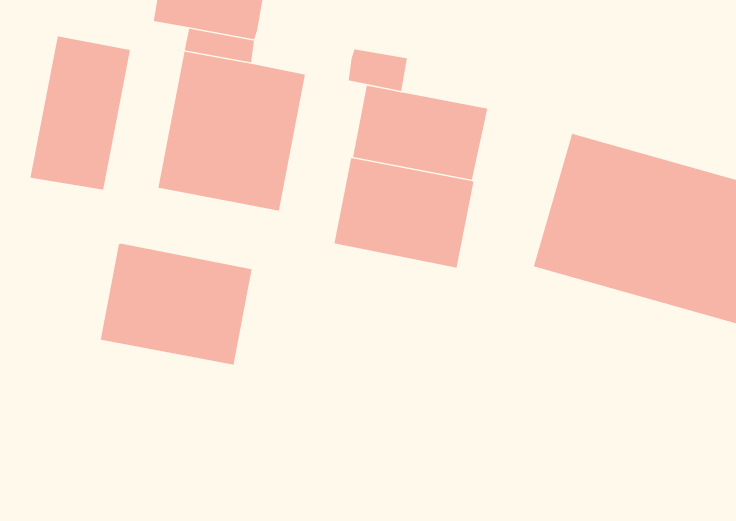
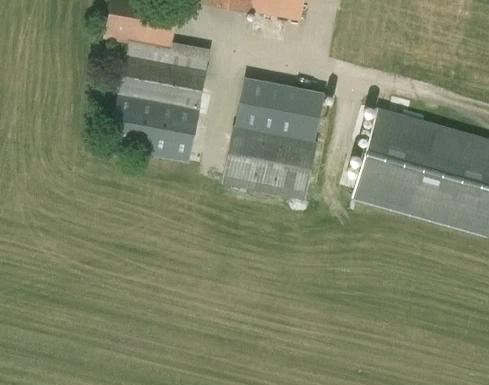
building: [30,36,131,191] -> none
building: [348,48,408,92] -> [171,43,210,71]
building: [100,243,253,365] -> none

